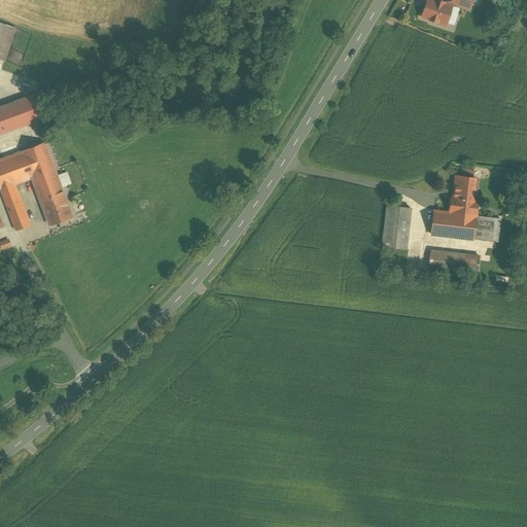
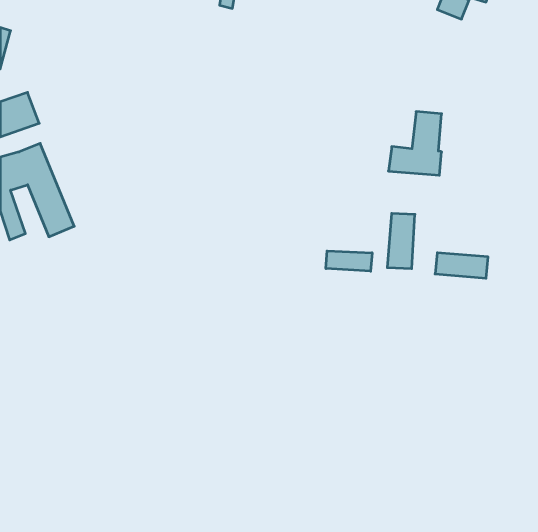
building: [426,176,478,238] -> [388,112,442,175]
building: none -> [326,251,372,271]

